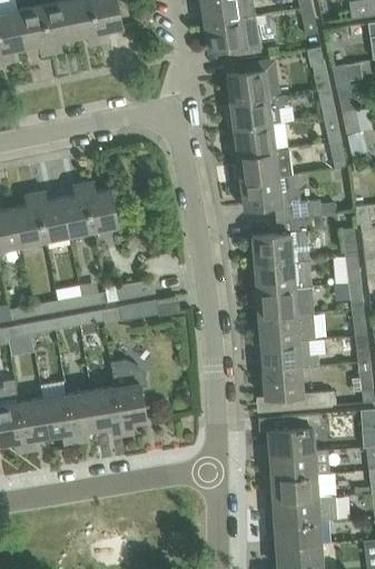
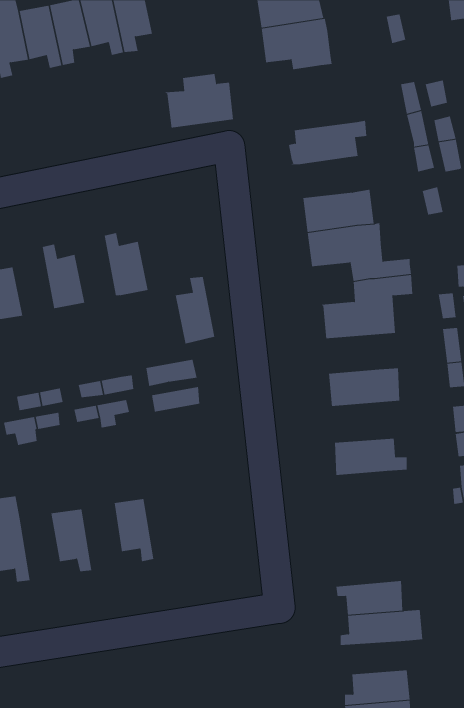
building: [226,60,279,102] -> [165,73,234,128]
building: [234,123,276,154] -> none
building: [61,183,92,236] -> [175,277,215,344]
building: [13,192,45,246] -> none
building: [255,259,312,290] -> none
building: [259,311,314,343] -> none
building: [110,359,148,433] -> none
building: [263,366,336,409] -> none
building: [67,390,97,442] -> none
building: [19,398,49,450] -> none
building: [263,413,320,455] -> none
building: [266,496,336,522] -> none

